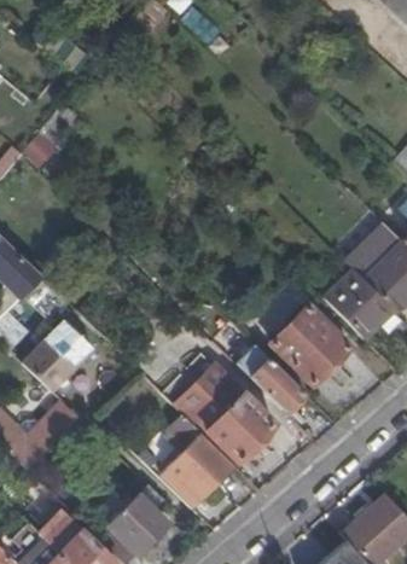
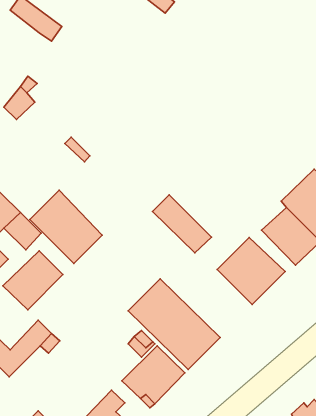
building: none -> [30,190,102,263]
building: [237,344,306,412] -> [153,195,212,253]

